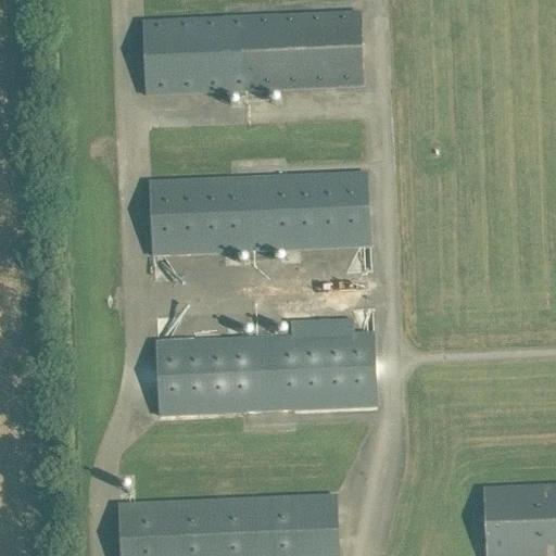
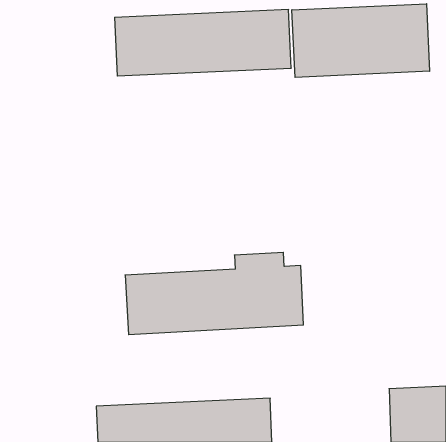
building: none -> [292,4,430,77]
building: [149,170,369,255] -> none

